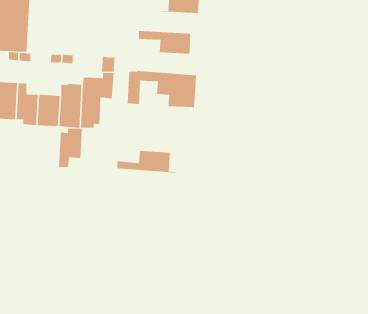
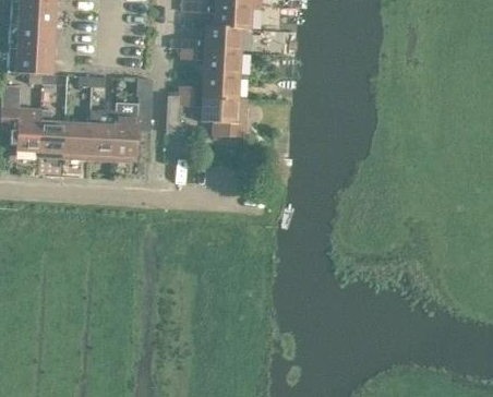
building: none -> [172,26,250,51]
building: [59,128,82,168] -> none
building: [116,150,177,173] -> [178,73,248,99]

